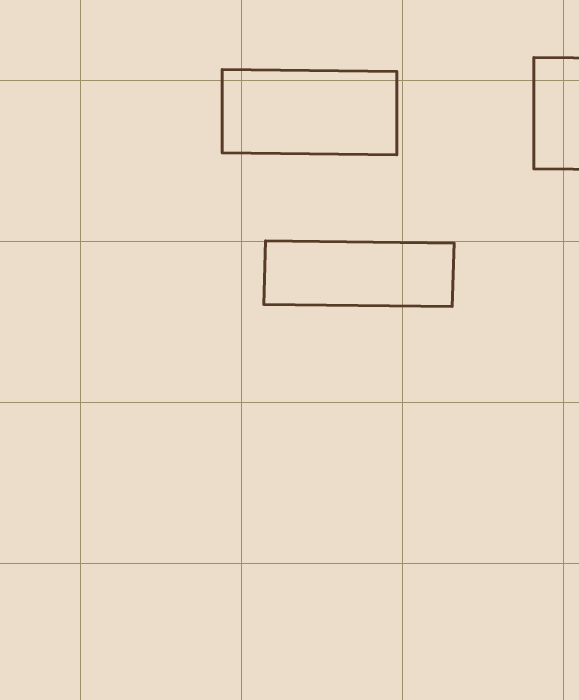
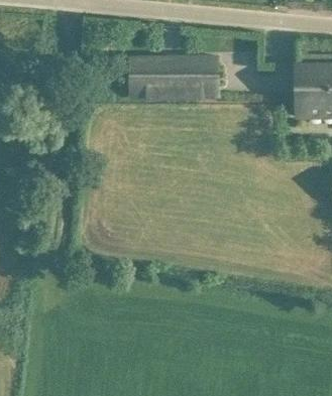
building: [264,241,454,307] -> none

